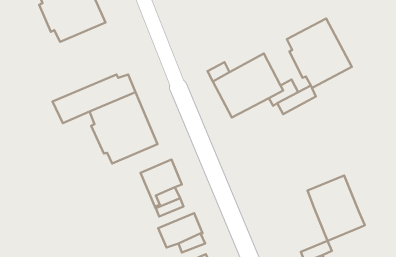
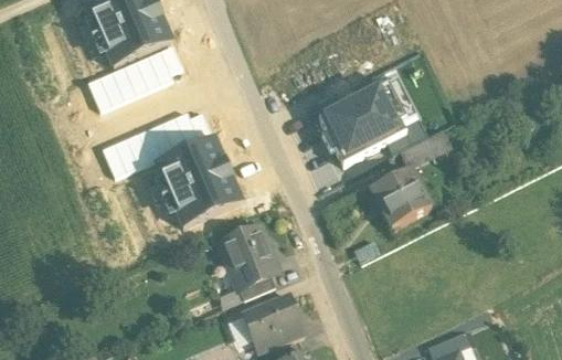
building: [287,19,352,88] -> none
building: none -> [89,44,183,108]
building: none -> [371,168,432,227]
building: [307,176,365,241] -> none

